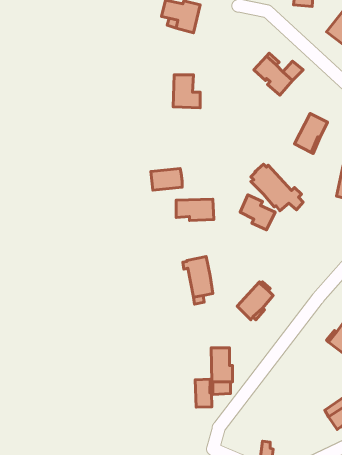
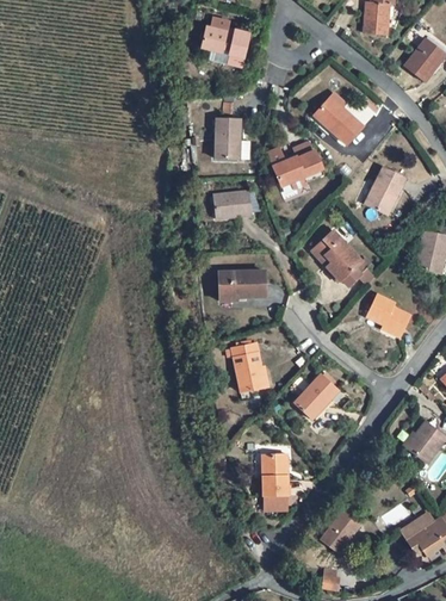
building: none -> [268,147,324,187]
building: [151,169,182,190] -> [213,191,252,217]
building: [240,195,275,230] -> [367,293,410,336]
building: [195,379,212,407] -> none
building: none -> [321,508,361,551]

